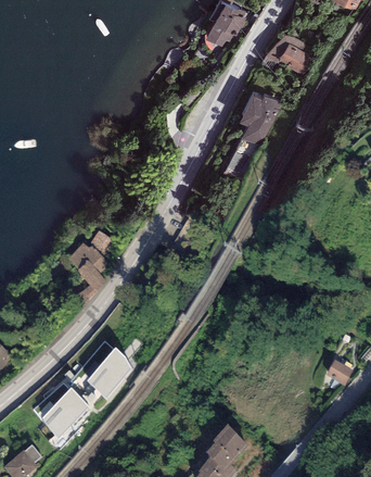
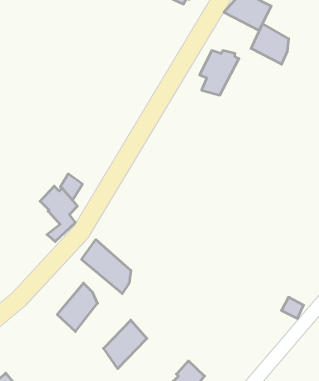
building: none -> [251,24,289,64]
building: none -> [82,240,131,294]
building: [41,386,88,438] -> [103,320,147,369]

